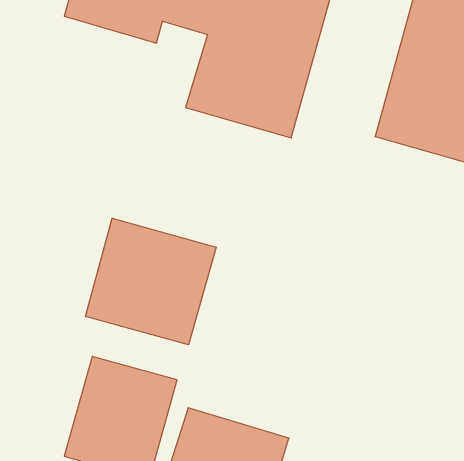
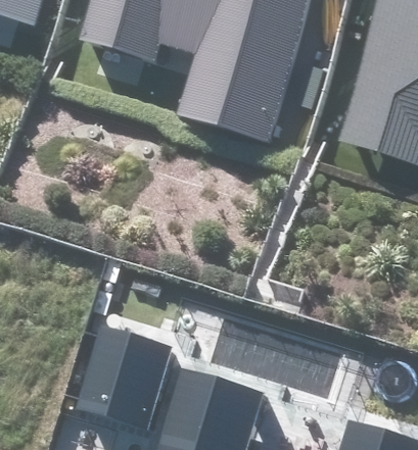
building: [86,218,216,345] -> none

